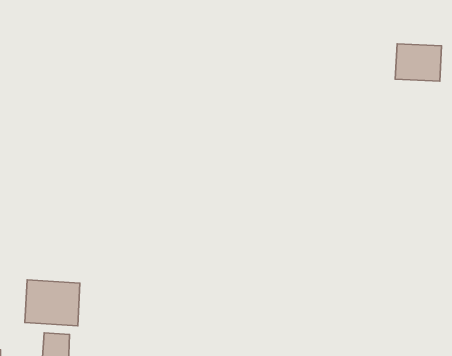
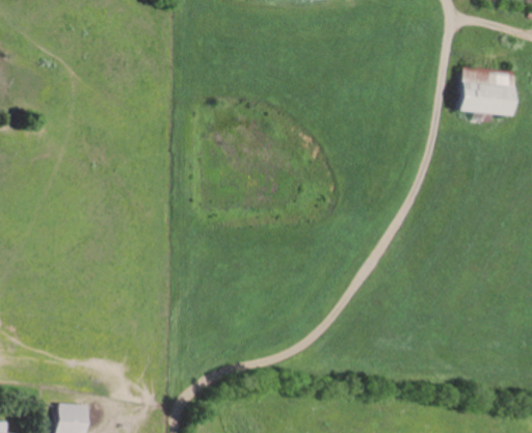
building: [25,280,80,326] -> none

